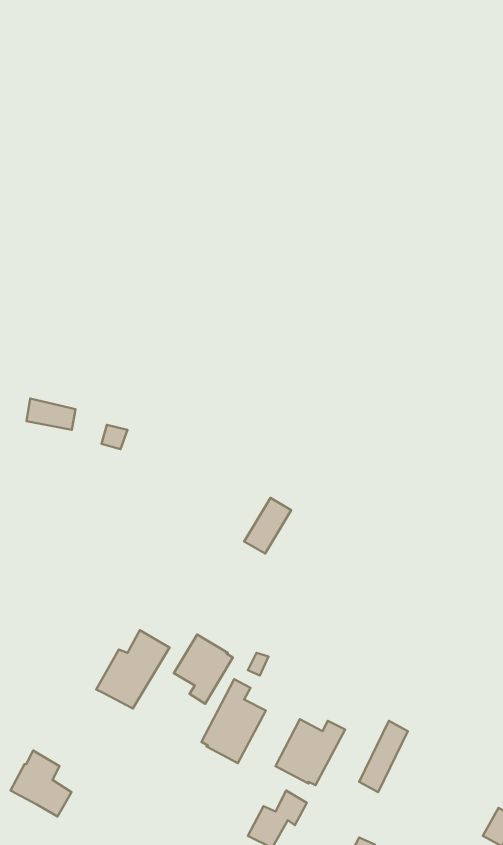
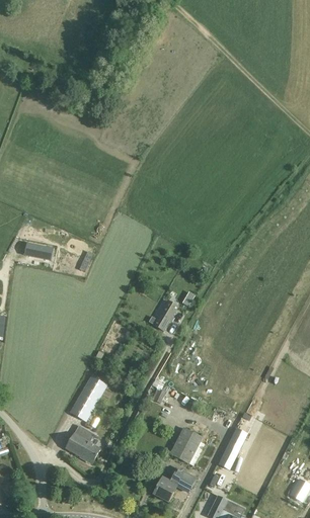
building: [174,635,233,704] -> none
building: [202,679,266,763] -> none
building: [11,750,72,817] -> [65,425,100,463]

